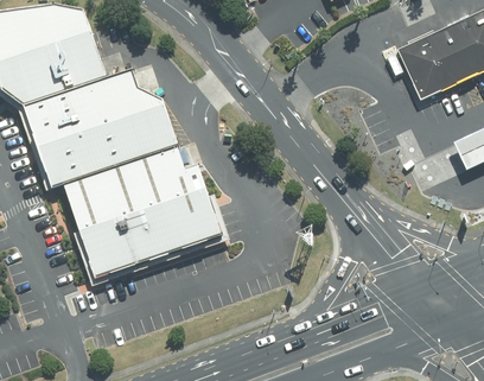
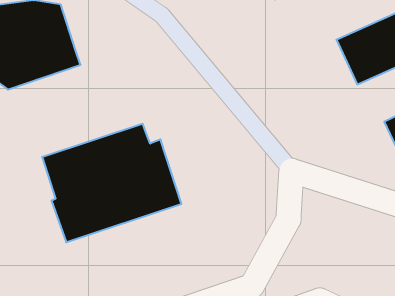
building: [25,69,179,188] -> none

